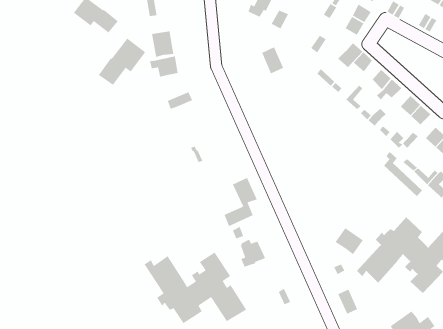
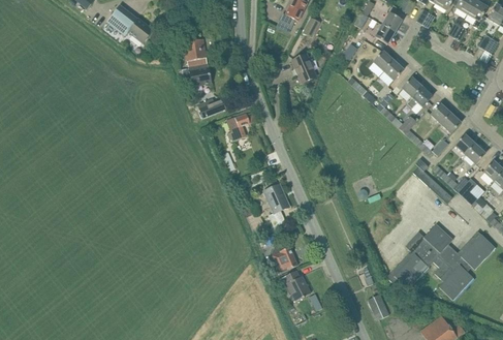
building: [98,37,146,86] -> none
building: none -> [226,111,255,141]
building: [334,227,364,255] -> none
building: [144,252,247,324] -> none
building: none -> [281,270,310,300]

